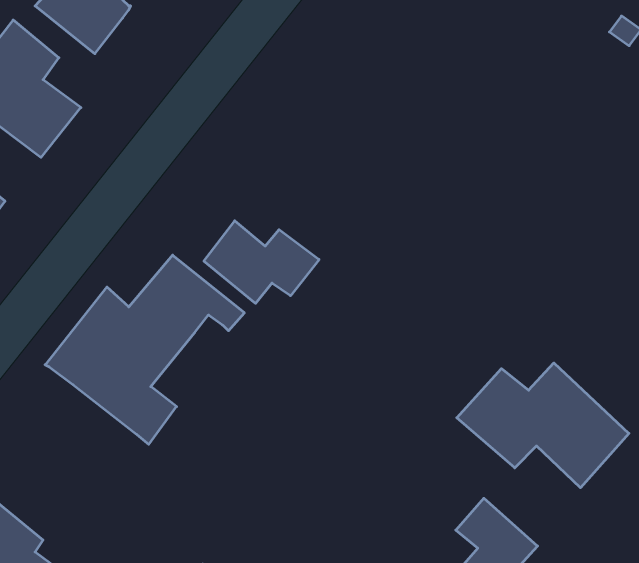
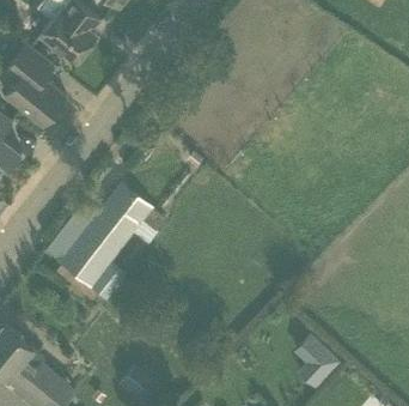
building: [204,221,319,303] -> none
building: [457,363,629,488] -> none

